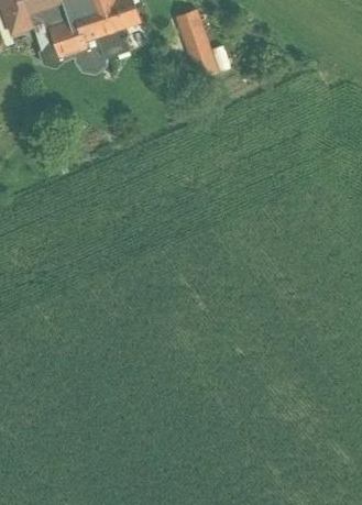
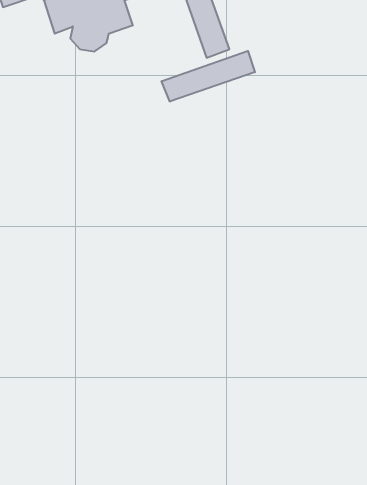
building: none -> [162,51,255,102]

